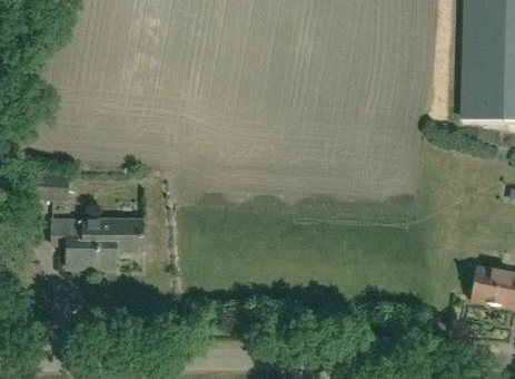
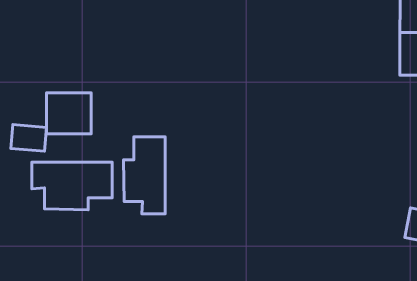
building: none -> [47,93,91,134]
building: none -> [123,137,165,214]

